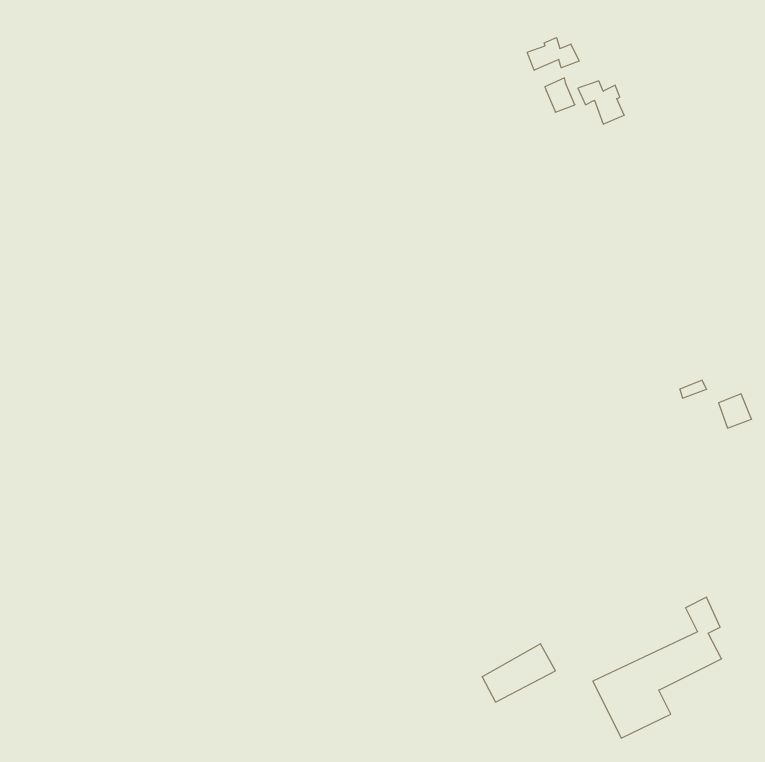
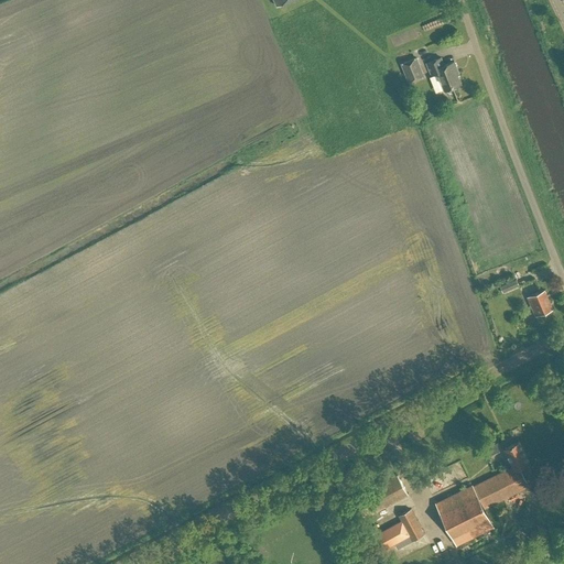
building: [527,38,579,70] -> none
building: none -> [371,511,425,554]

